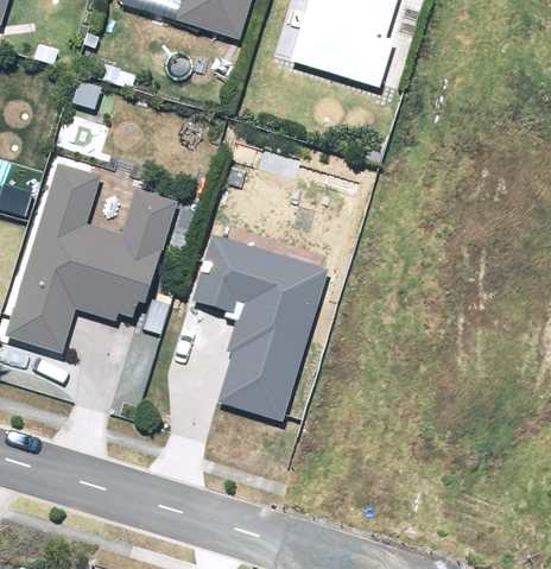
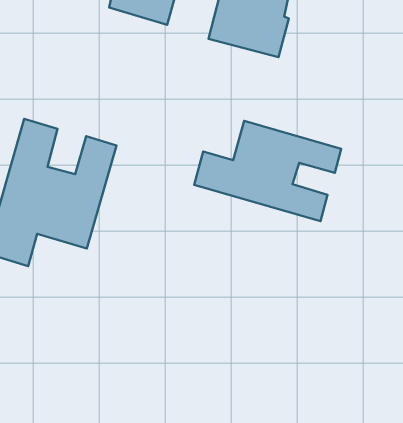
building: none -> [194,121,341,221]
building: [189,232,327,419] -> none

